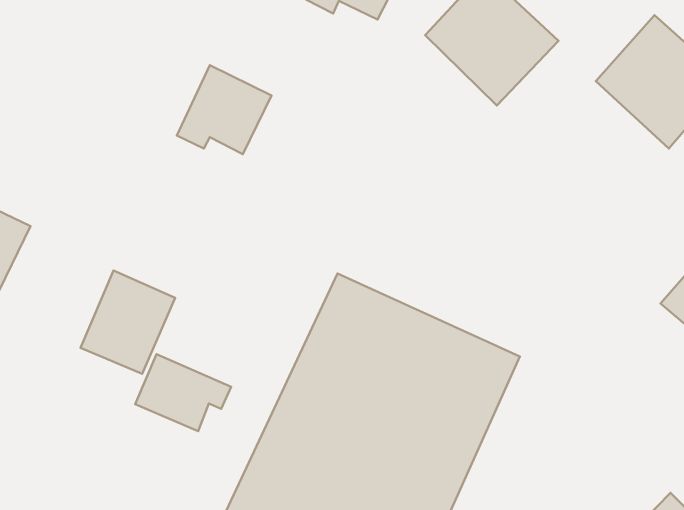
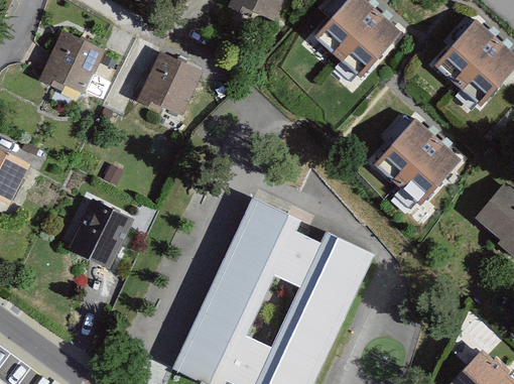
building: none -> [35,29,104,92]
building: none -> [371,114,462,204]
building: [135,354,231,431] -> none

